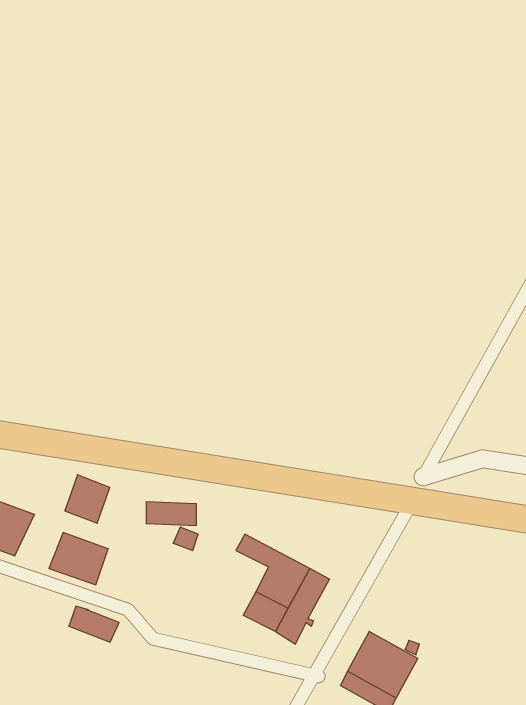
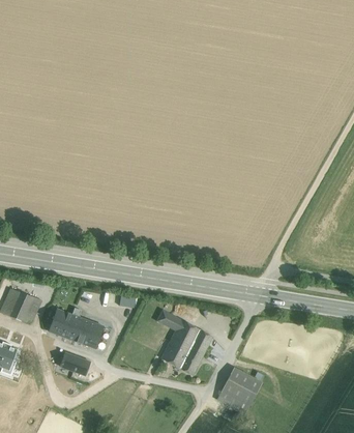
building: [65,475,110,523] -> [77,319,102,347]

